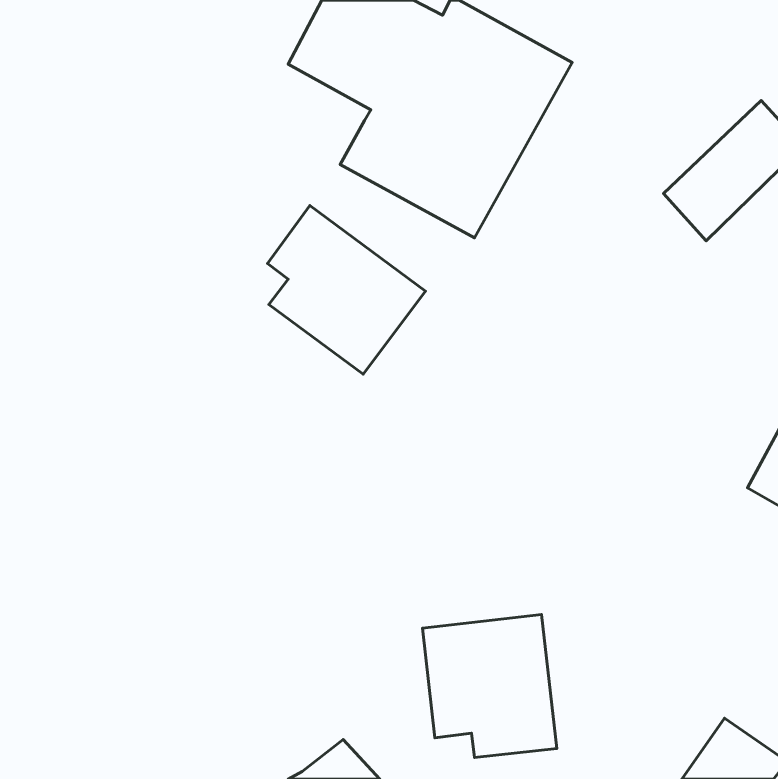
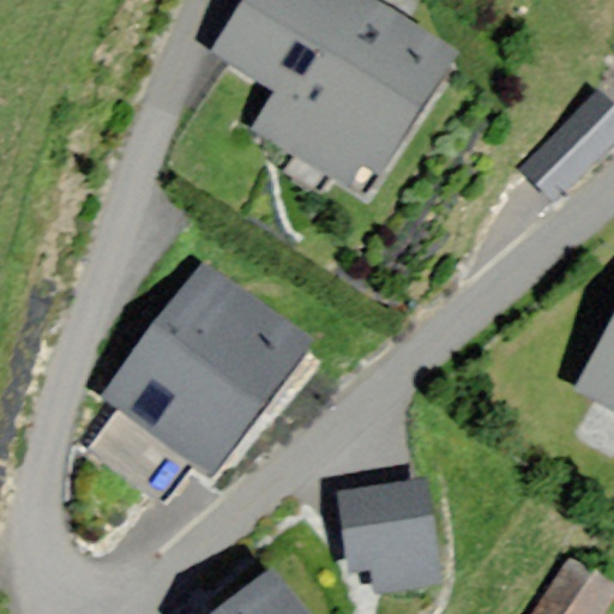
building: [267,206,425,374] -> none
building: none -> [116,277,302,468]

